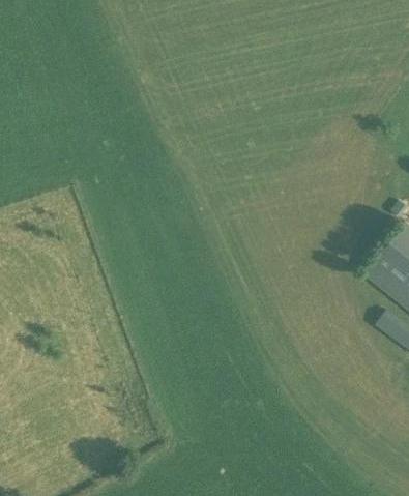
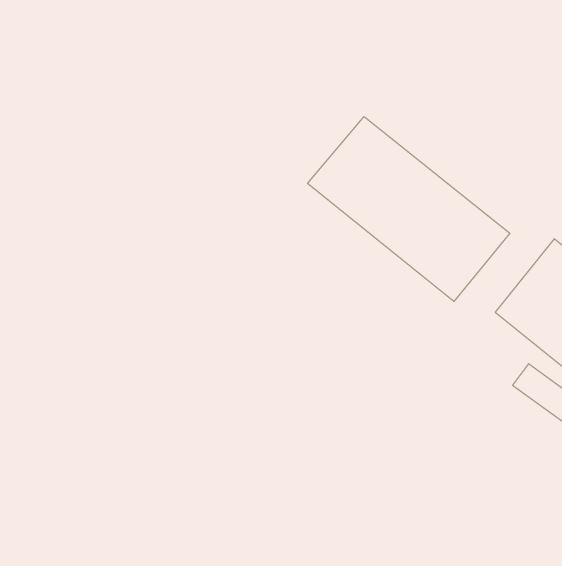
building: none -> [308,117,510,302]

